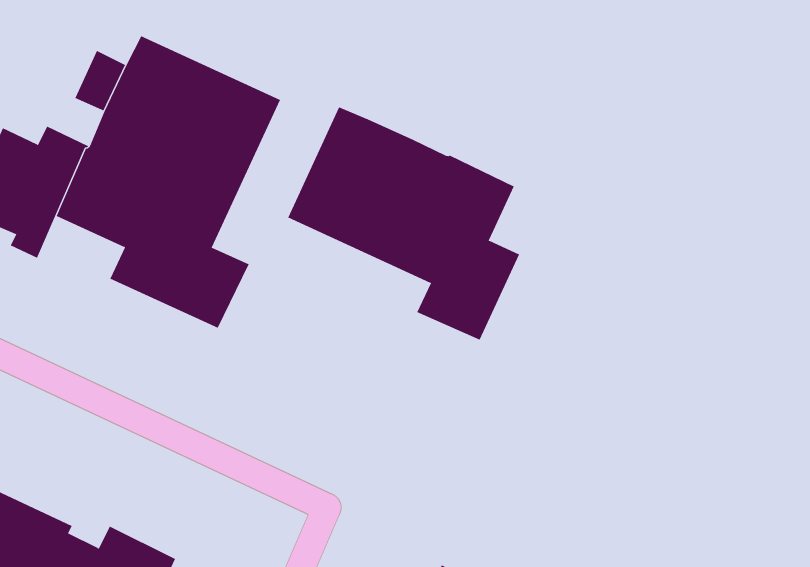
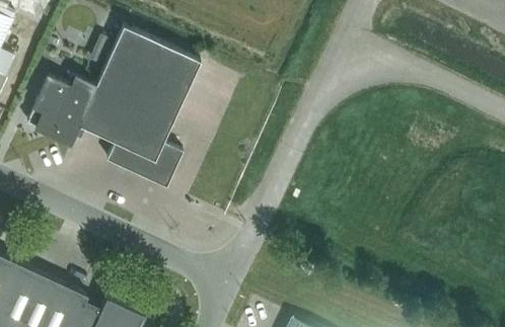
building: [288,106,520,340] -> none

